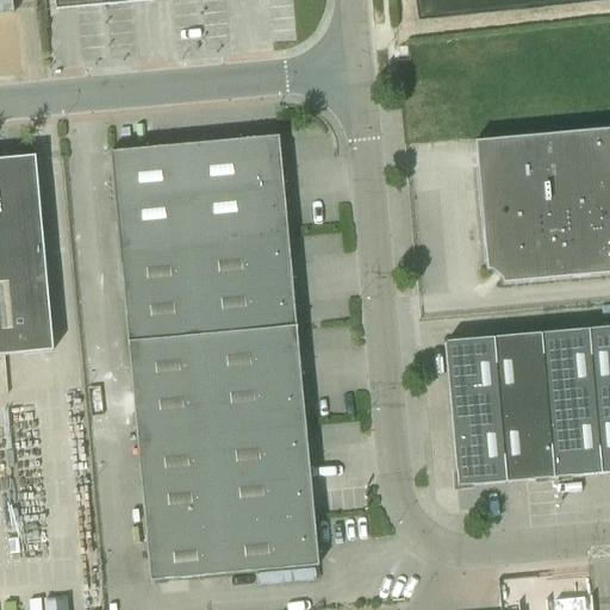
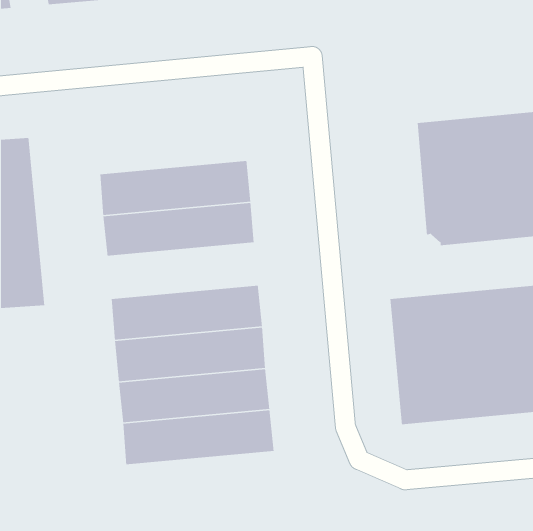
building: [111,133,284,198] -> none
building: [124,276,297,340] -> none
building: [145,513,318,578] -> none

